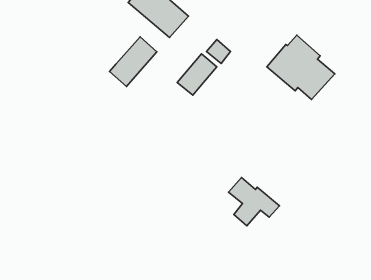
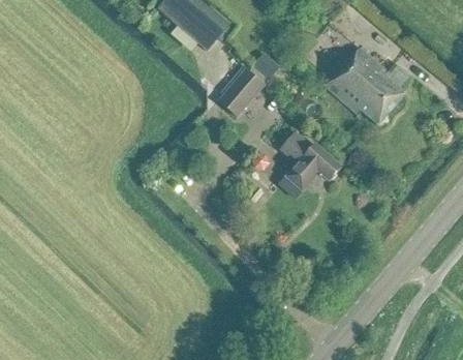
building: [110,37,157,87] -> none
building: [229,178,279,226] -> [280,132,341,190]

